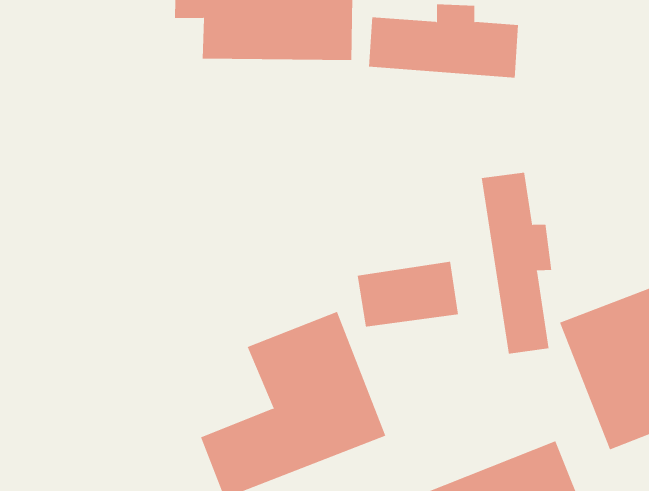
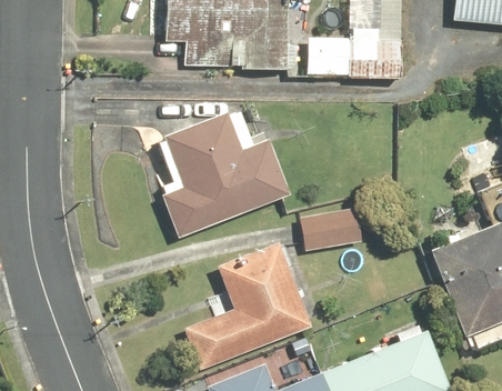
building: none -> [161,110,292,237]
building: [481,172,552,354] -> none

